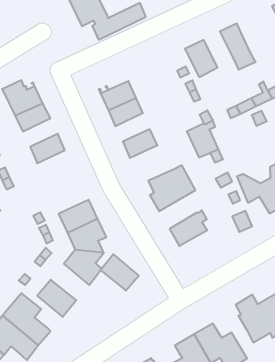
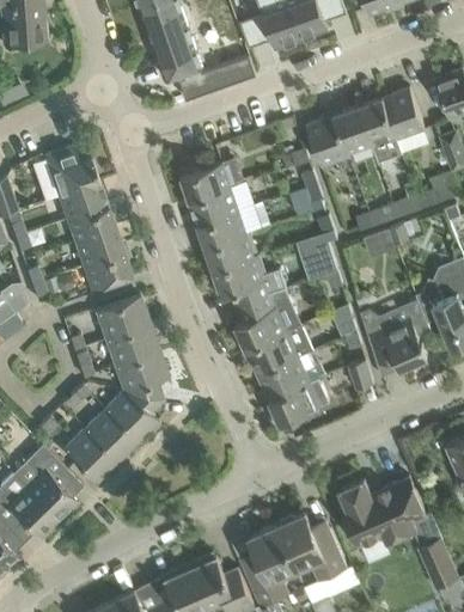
building: none -> [383,90,425,141]
building: none -> [334,108,372,158]
building: none -> [197,210,245,247]
building: none -> [67,204,116,241]
building: none -> [213,257,287,306]
building: none -> [83,251,132,289]
building: none -> [96,296,149,339]
building: none -> [246,326,312,377]
building: none -> [269,380,329,432]
building: [101,254,139,291] -> [85,410,138,463]

